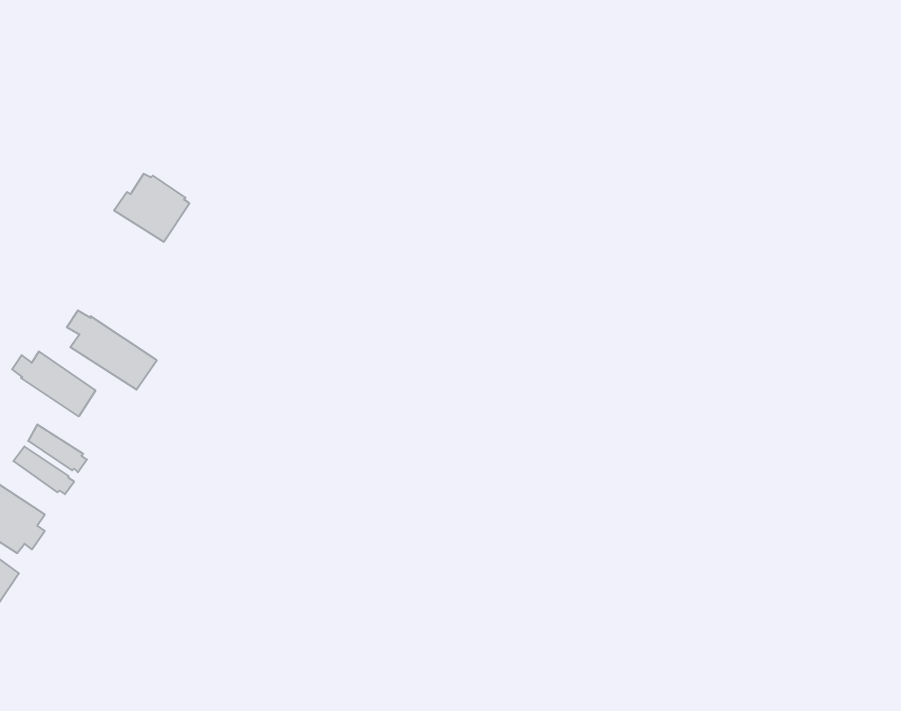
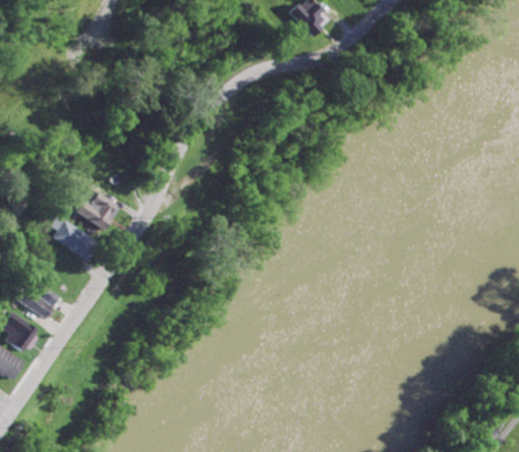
building: [114,174,189,242] -> [75,191,117,229]
building: [12,351,95,416] -> none

